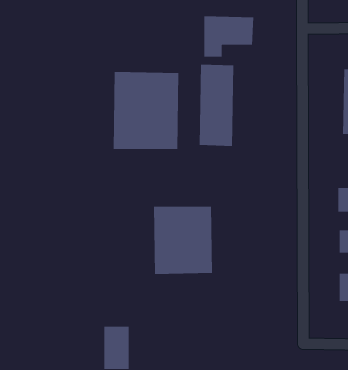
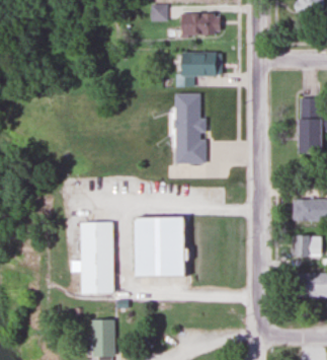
building: [113,71,179,150] -> none
building: none -> [80,220,114,291]

